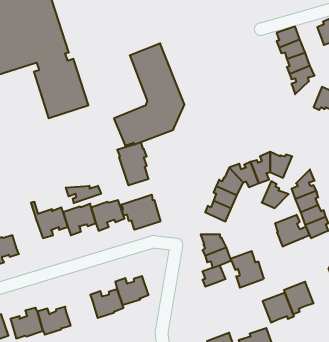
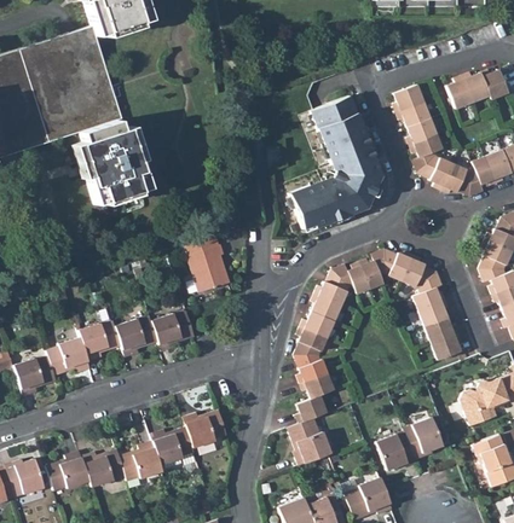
building: [114,43,184,146] -> [290,95,382,228]
building: none -> [418,156,454,190]
building: [262,181,289,208] -> [403,254,438,289]
building: [66,186,101,203] -> none
building: [121,195,160,230] -> none
building: none -> [295,326,328,355]
building: [275,215,309,247] -> none
building: none -> [47,337,92,374]
building: [231,251,264,288] -> [288,418,331,465]
building: none -> [120,441,163,481]

